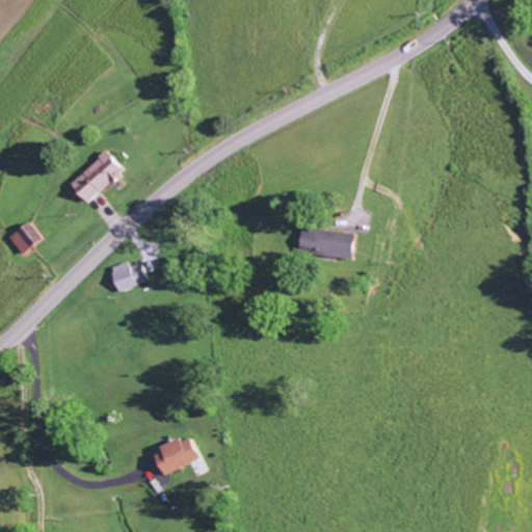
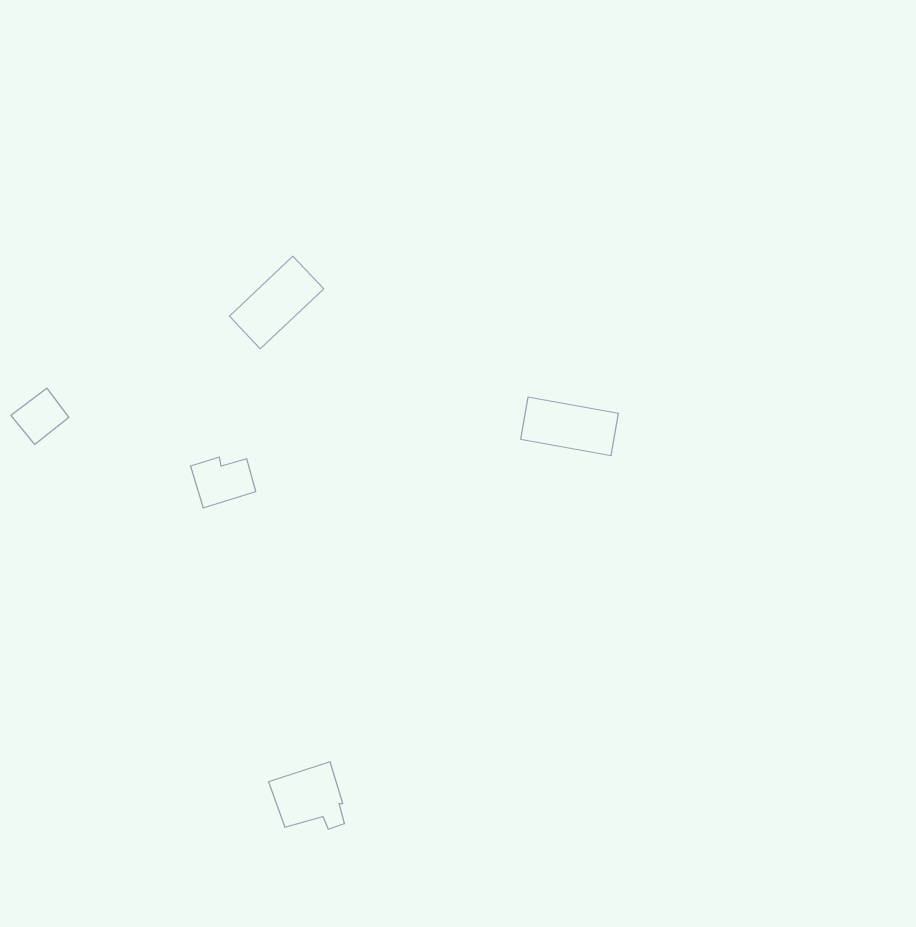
building: [70,150,124,203] -> [229,256,324,349]

